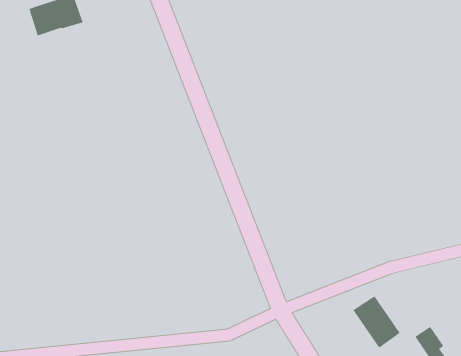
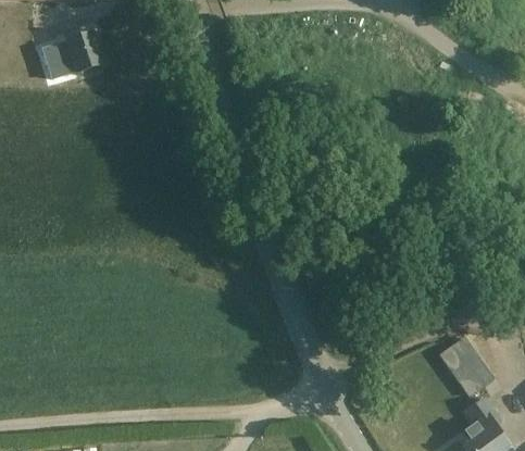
building: [352,296,400,348] -> [438,338,491,397]

